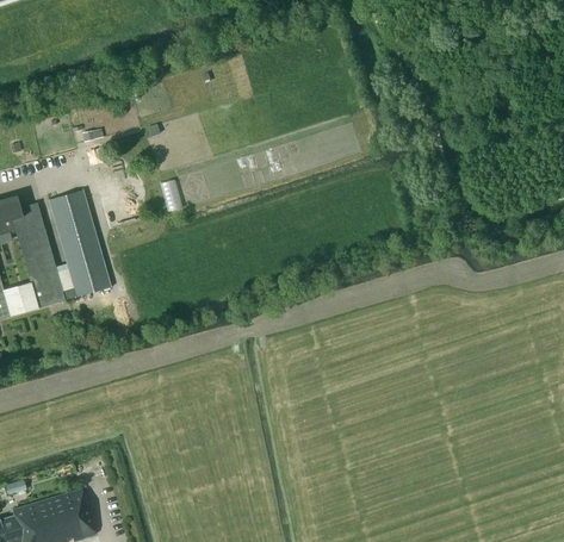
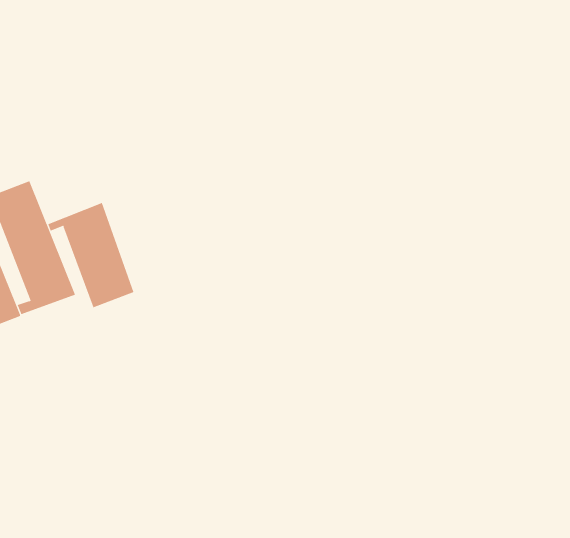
building: none -> [48,202,134,308]

